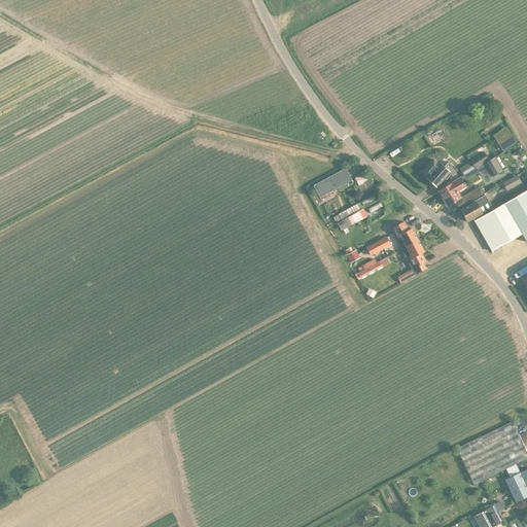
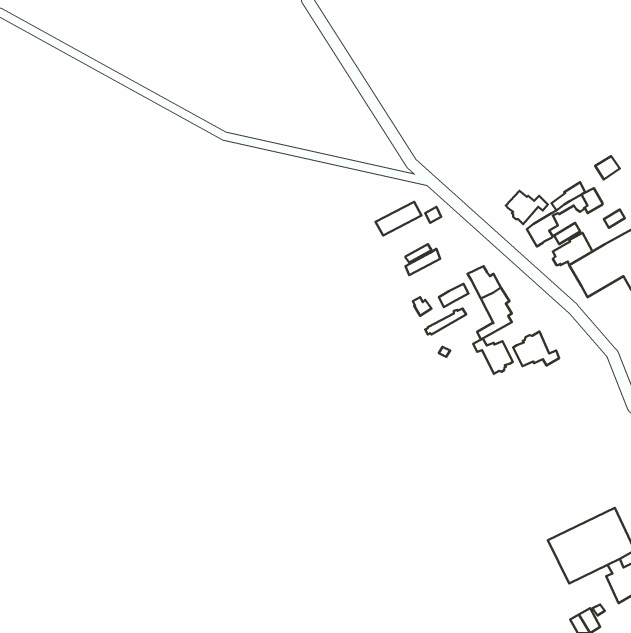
building: none -> [513,332,559,366]
building: none -> [473,338,513,374]

